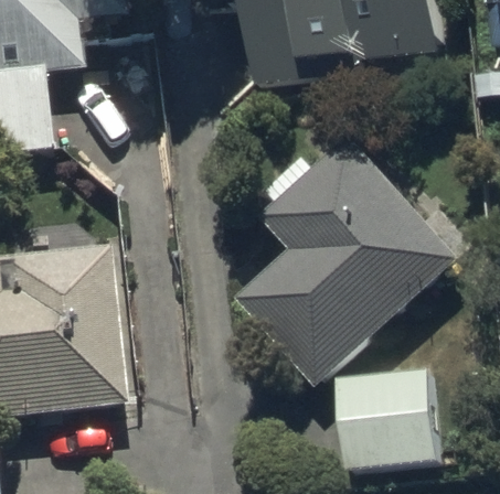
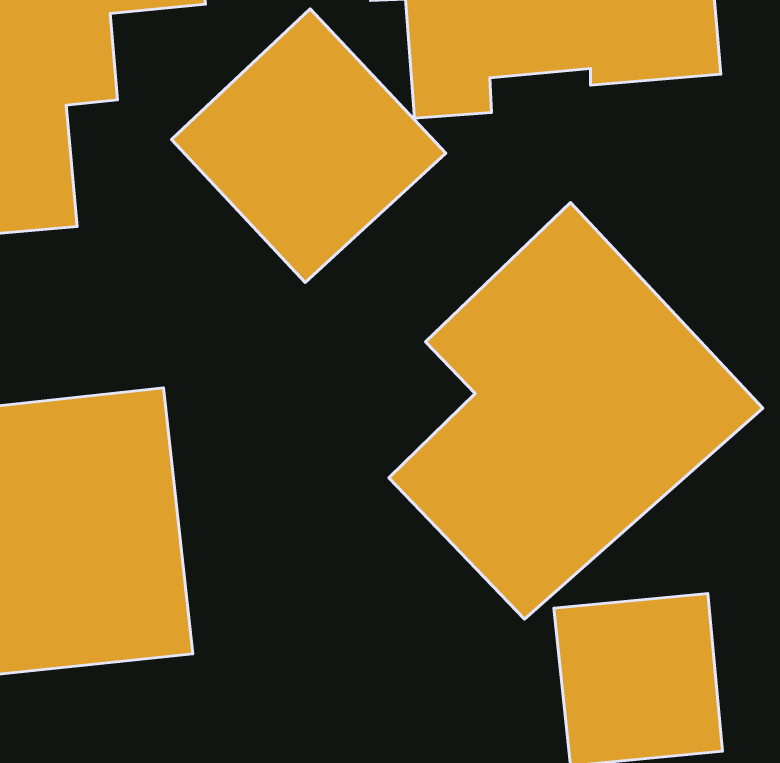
building: none -> [172,9,446,283]

